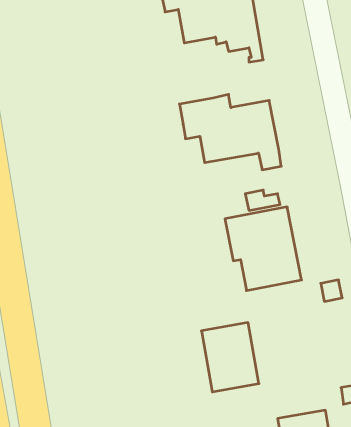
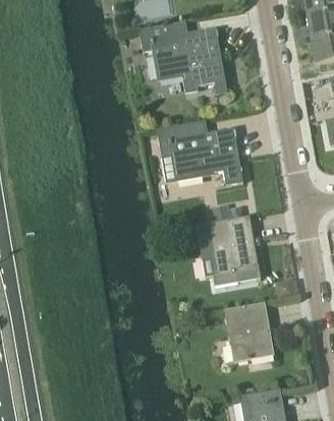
building: [201,323,259,392] -> [224,303,273,362]

